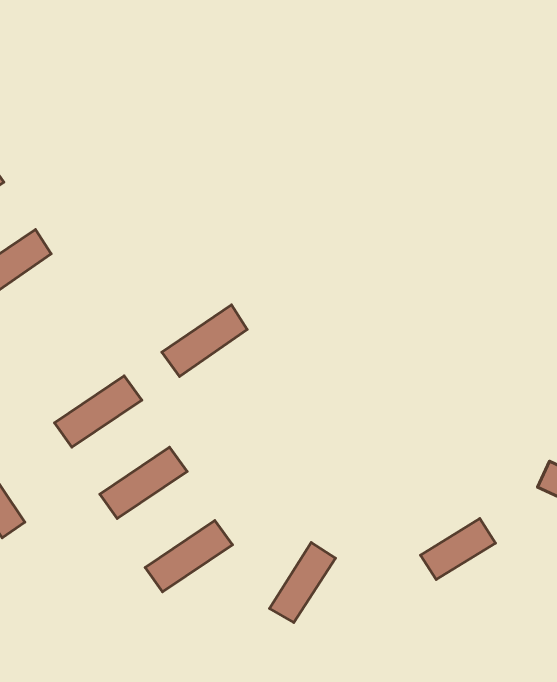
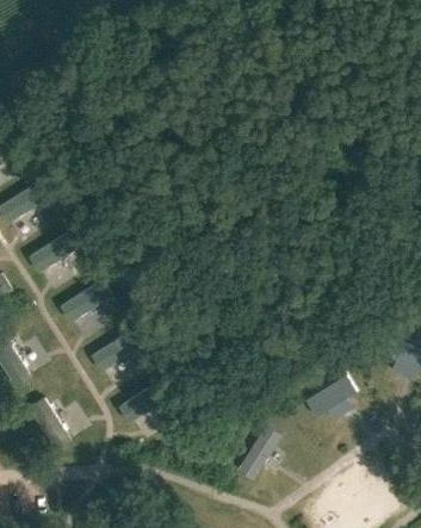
building: [162,305,247,376] -> [23,228,81,277]
building: [269,542,336,623] -> [235,425,280,480]
building: none -> [25,393,73,452]

